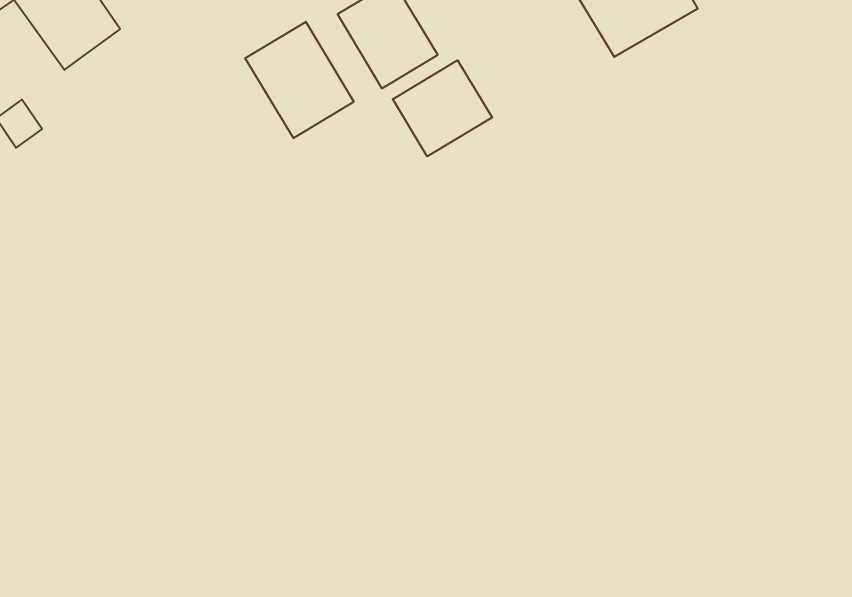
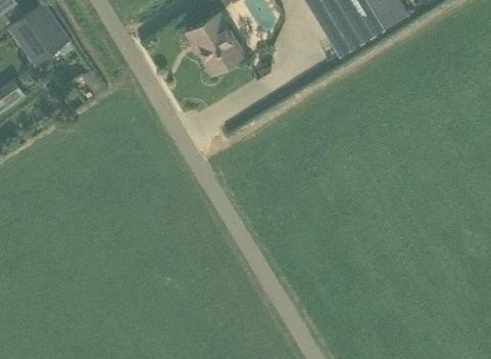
building: [245,22,354,138] -> none
building: [393,60,492,156] -> none

